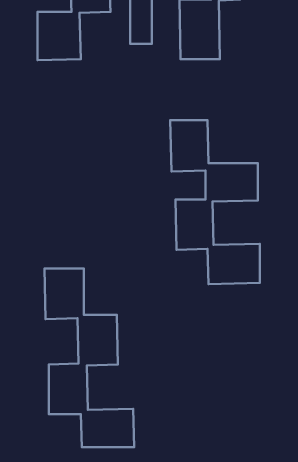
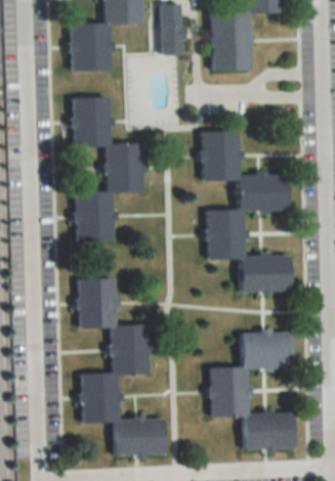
building: none -> [74,97,144,240]
building: none -> [210,331,296,449]

